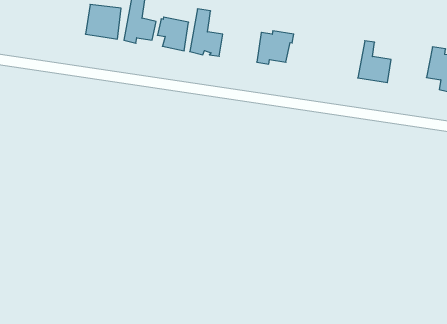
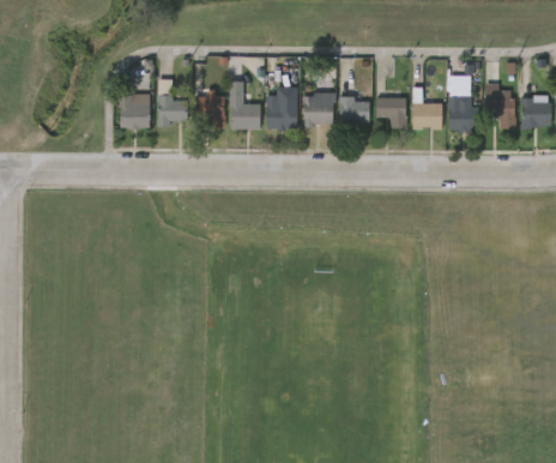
building: none -> [266,96,298,131]
building: none -> [448,79,479,132]
building: none -> [339,97,370,122]
building: none -> [376,97,407,128]

